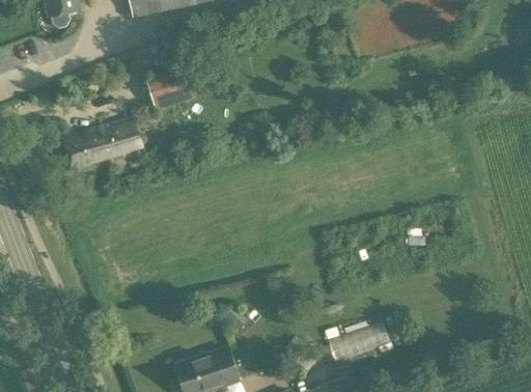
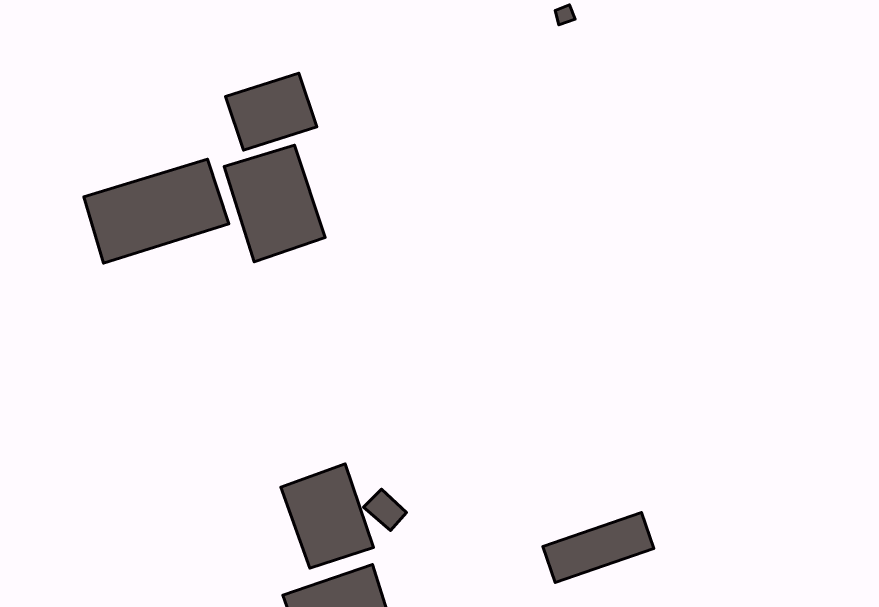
building: none -> [224,145,325,262]
building: none -> [281,464,373,568]

